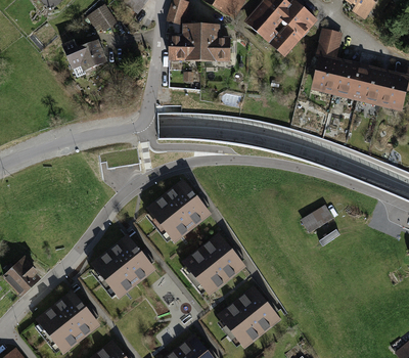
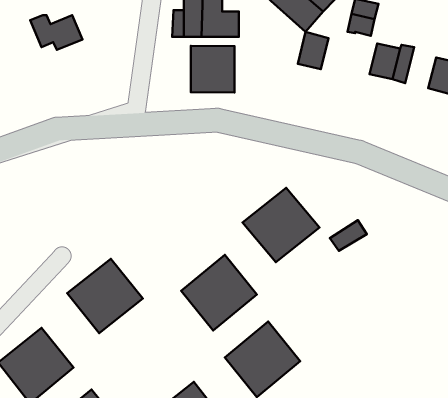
building: [316,59,340,89] -> [298,32,328,69]
building: none -> [191,46,234,92]
building: [363,72,388,100] -> none
building: [148,181,210,240] -> [243,188,320,262]

